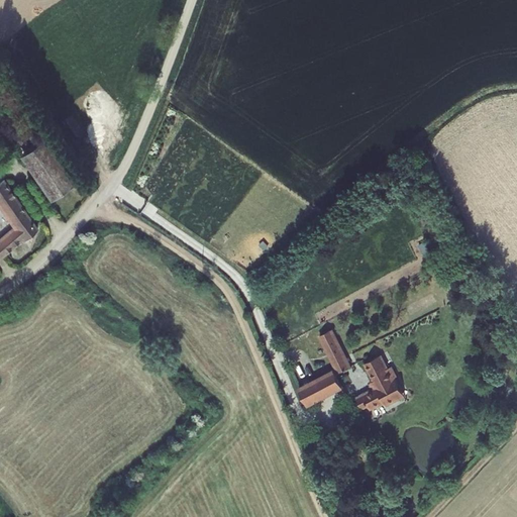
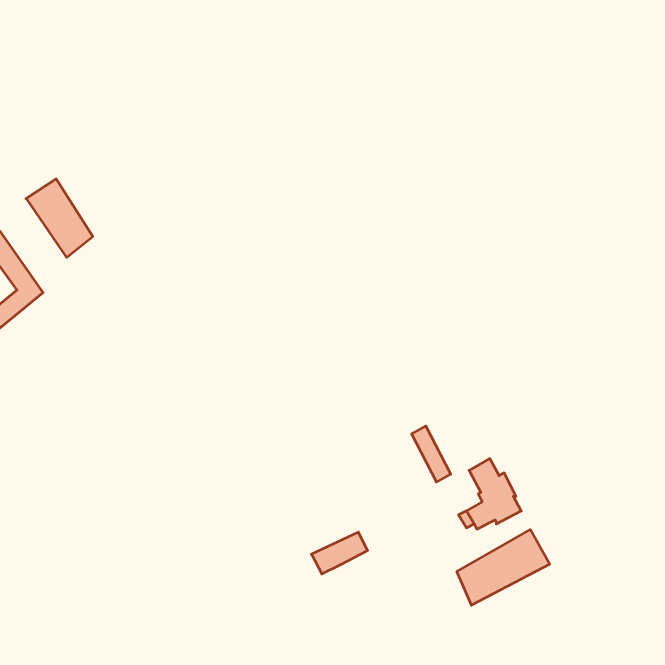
building: [297,374,340,406] -> [311,532,368,574]
building: none -> [457,530,550,605]

